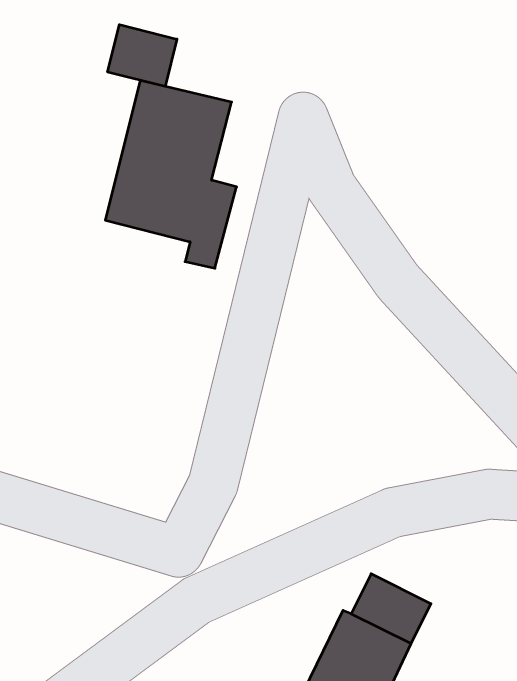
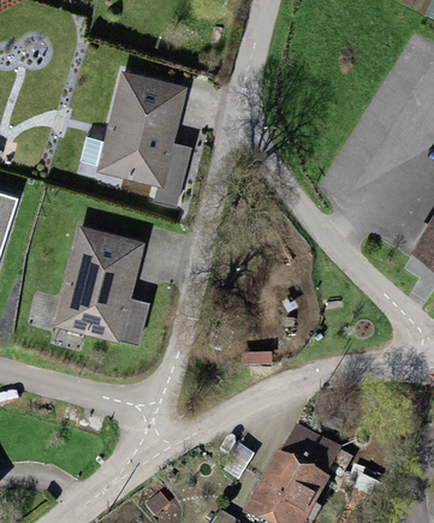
building: [108,25,177,86] -> none
building: none -> [54,226,150,345]

